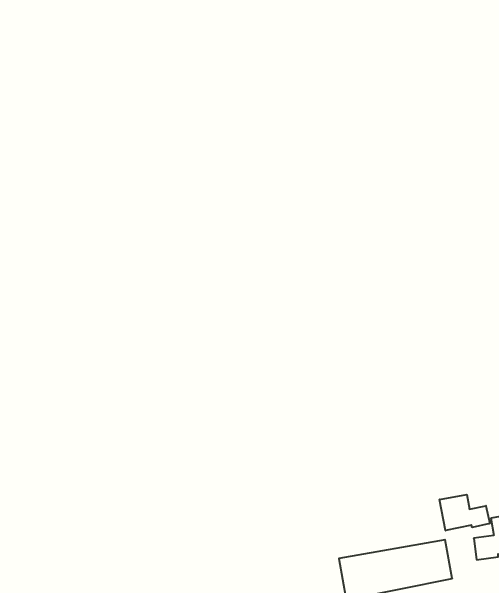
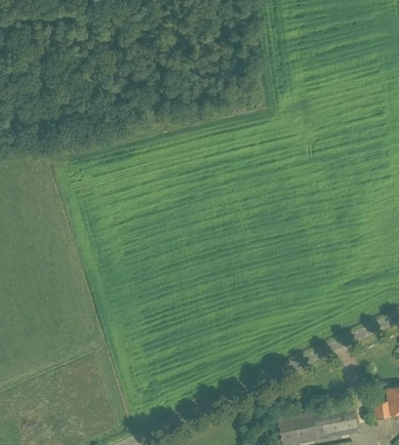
building: [440,495,490,531] -> none

